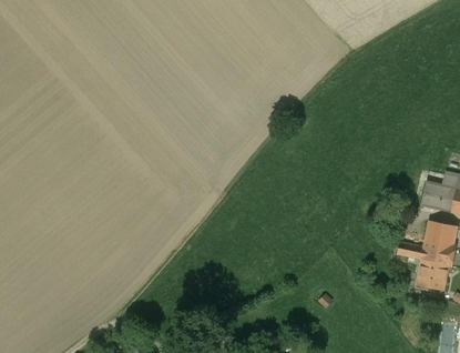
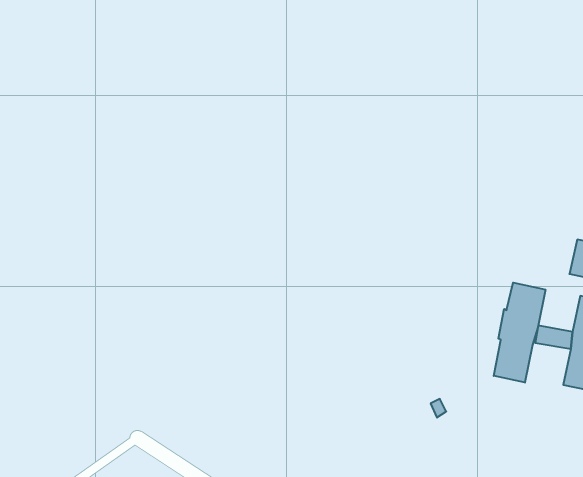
building: none -> [494,283,545,383]

